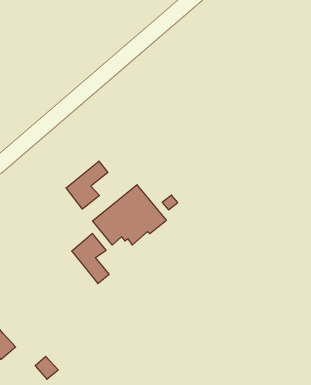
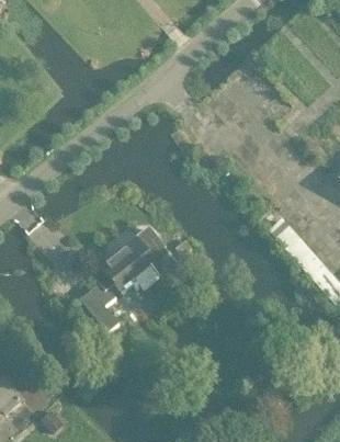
building: [66,161,108,209] -> none

